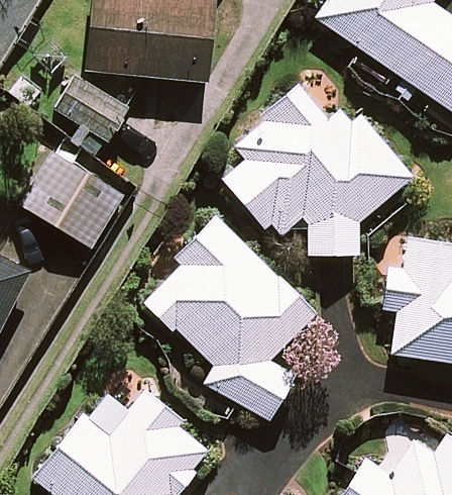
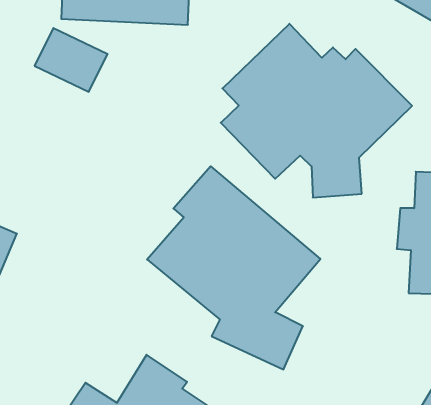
building: [21,144,122,245] -> none

